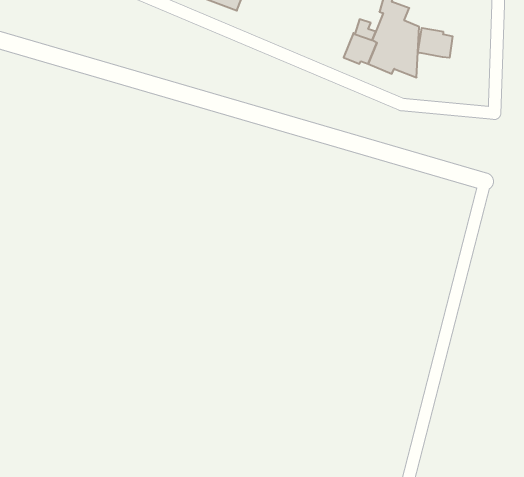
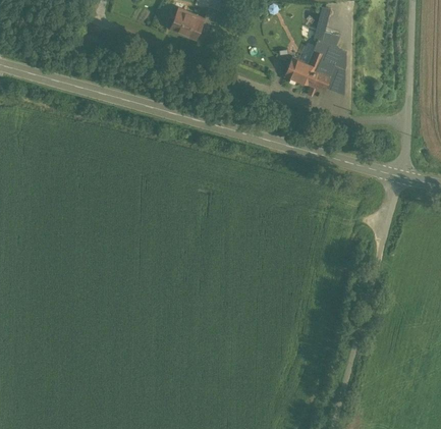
building: [418,28,453,58] -> none

